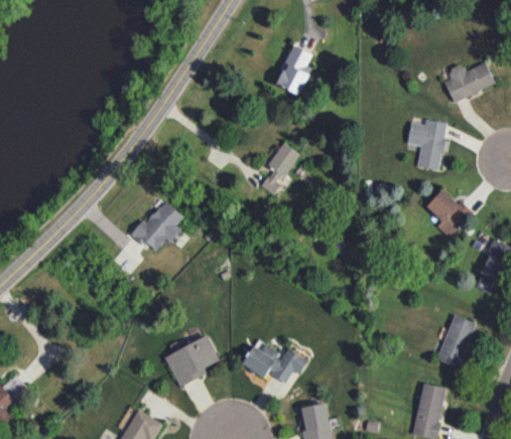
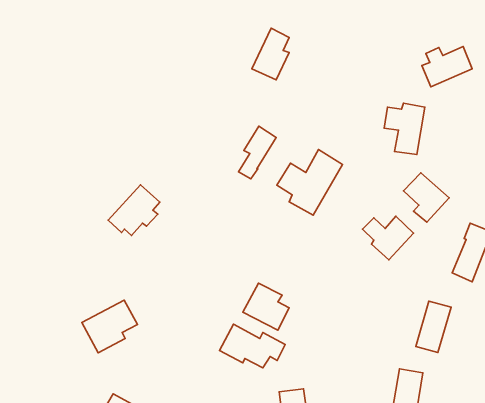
building: none -> [277,150,342,215]
building: none -> [363,216,413,260]
building: none -> [243,283,289,330]
building: [163,335,219,388] -> [82,300,137,353]

